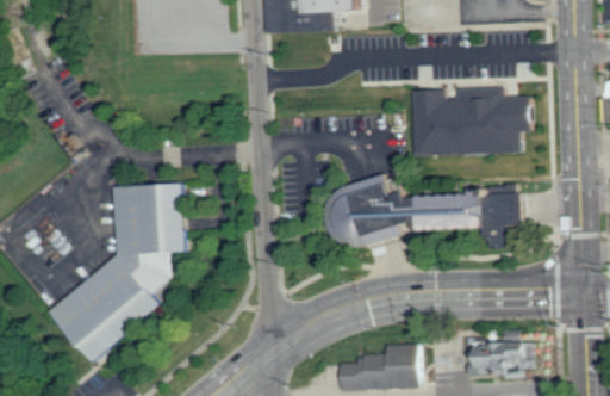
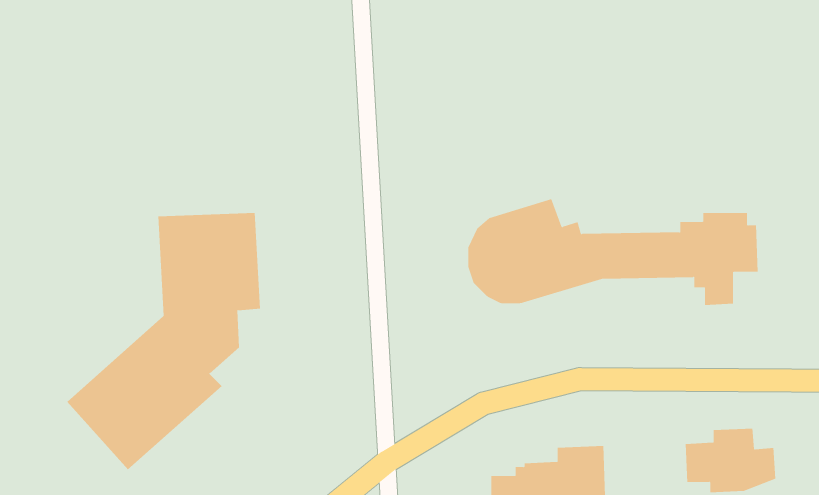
building: [413,87,530,154] -> none

